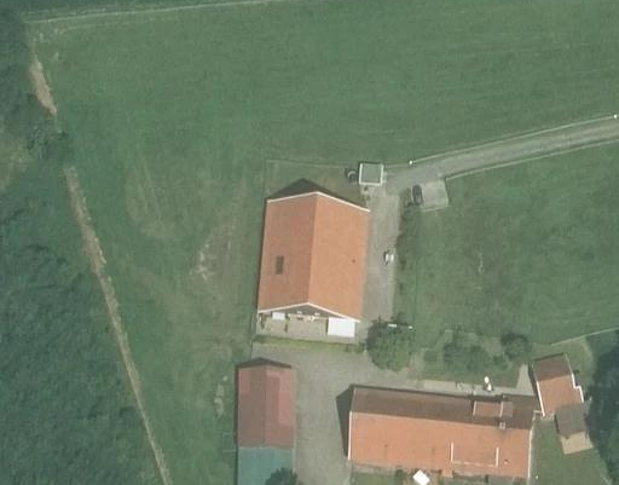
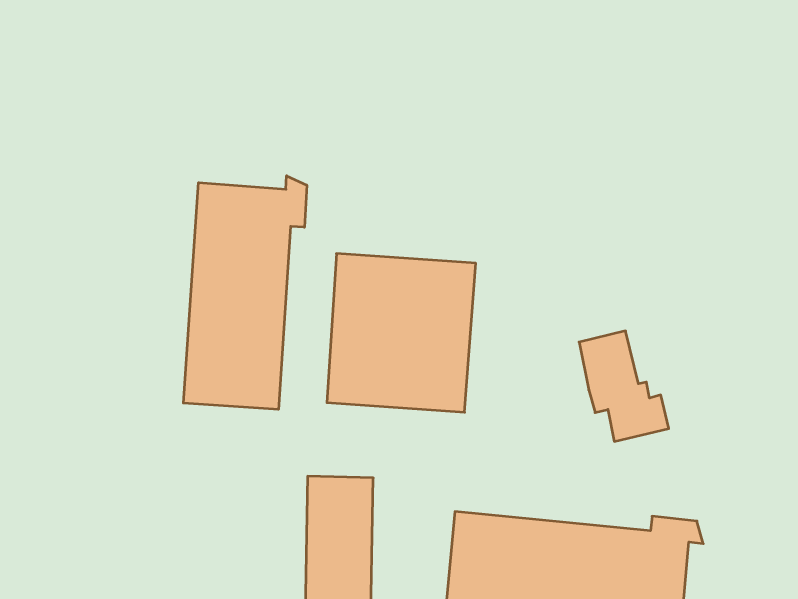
building: none -> [183,176,307,409]
building: [530,351,597,434] -> [579,331,669,441]

